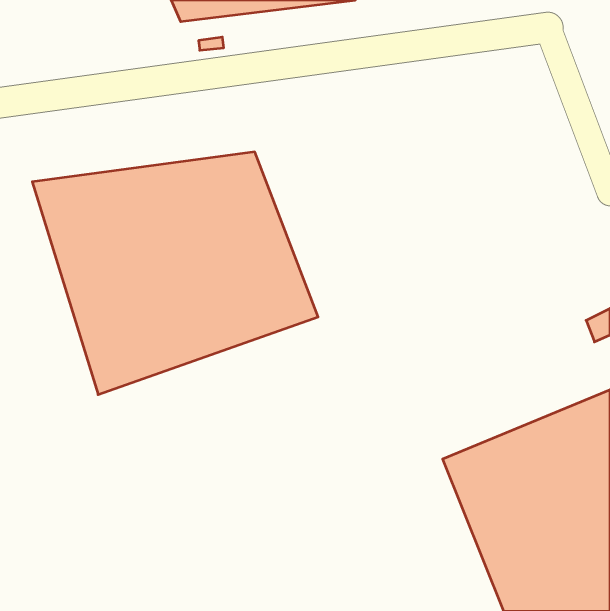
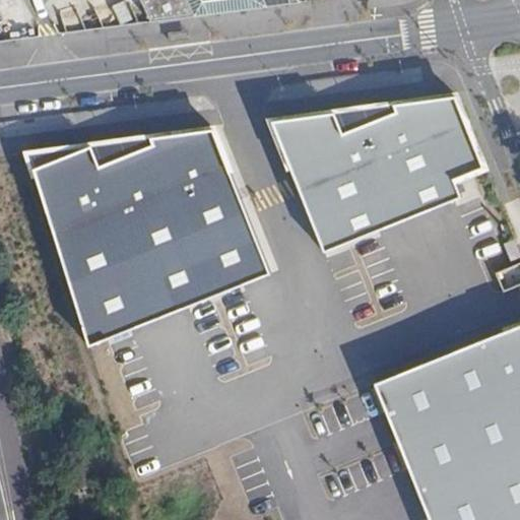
building: none -> [273,94,481,250]

